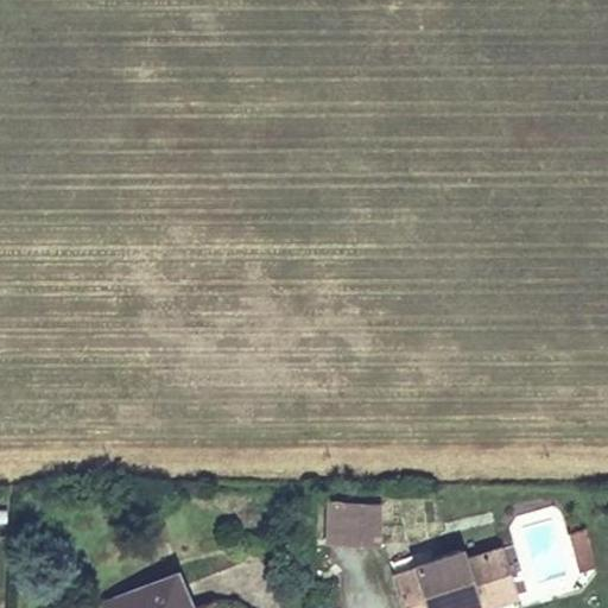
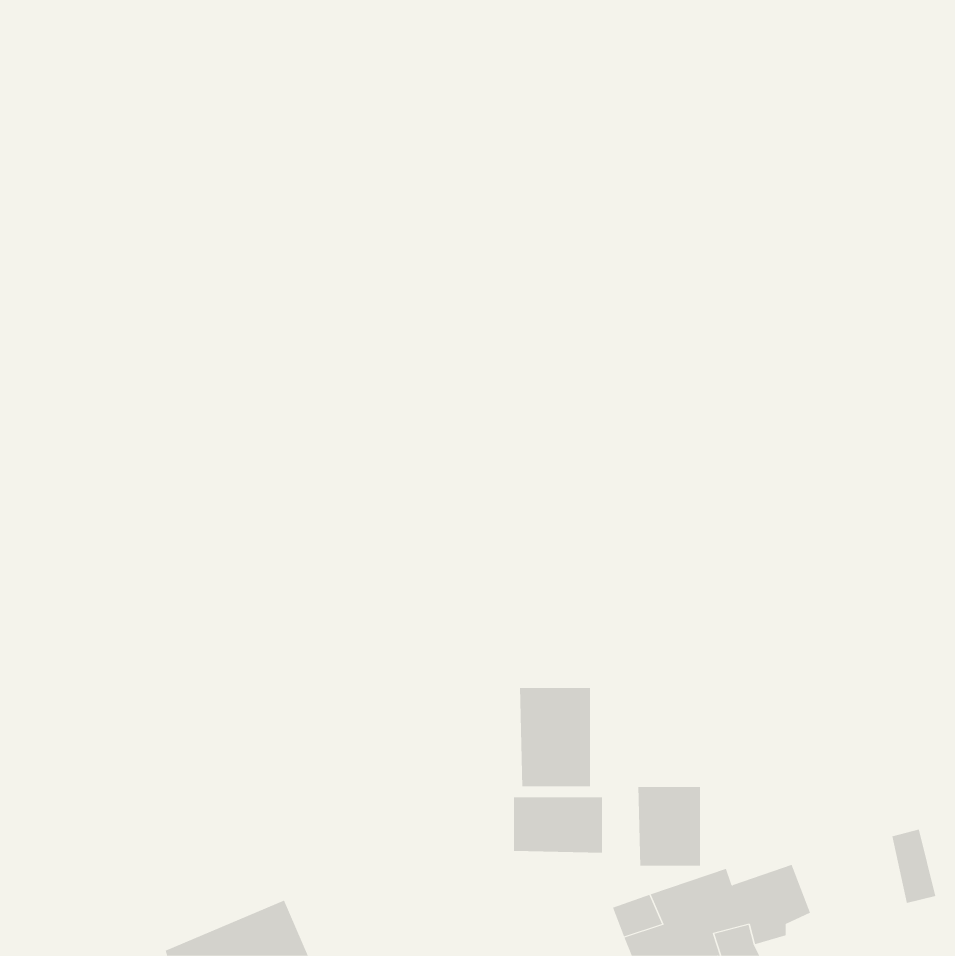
building: none -> [520,687,591,787]
building: none -> [638,786,701,866]

